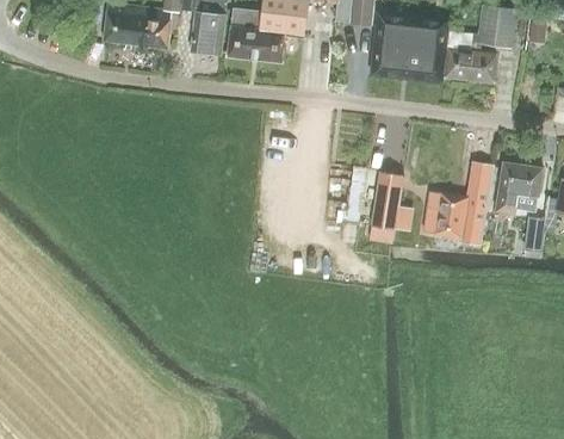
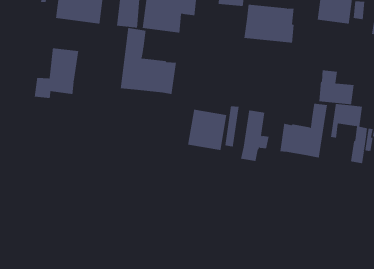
building: [445,31,496,81] -> [319,70,354,105]
building: none -> [120,27,177,95]
building: none -> [34,48,79,99]
building: none -> [188,109,227,151]

